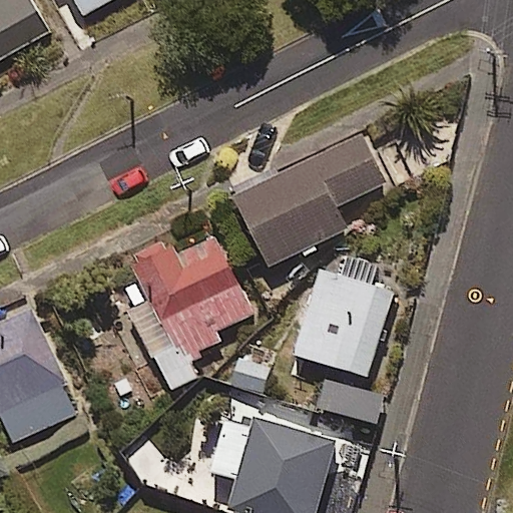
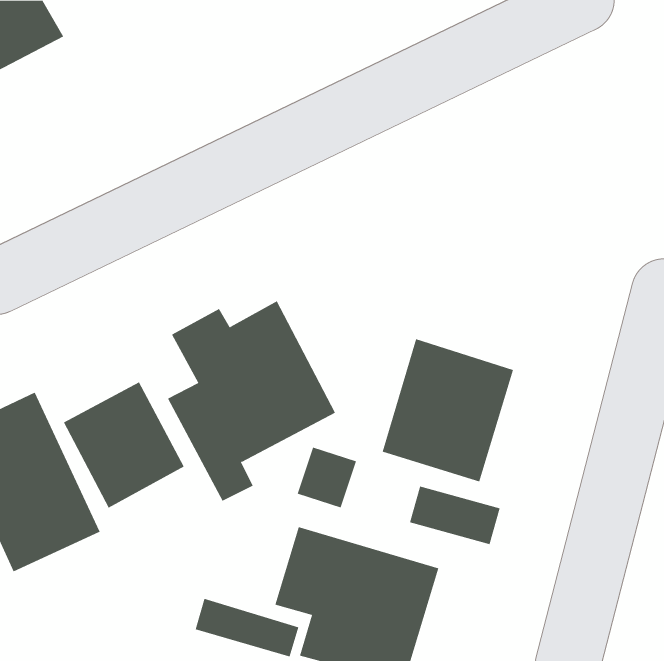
building: [236,134,384,265] -> none
building: none -> [63,381,185,509]

